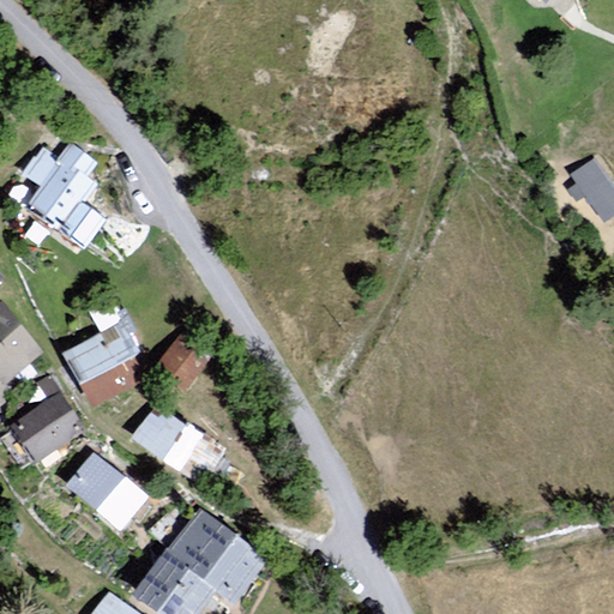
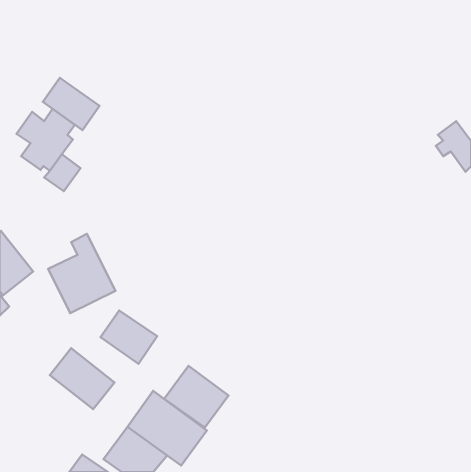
building: none -> [43,78,99,130]
building: [156,337,207,387] -> none
building: [10,392,85,463] -> none
building: none -> [164,366,228,428]

